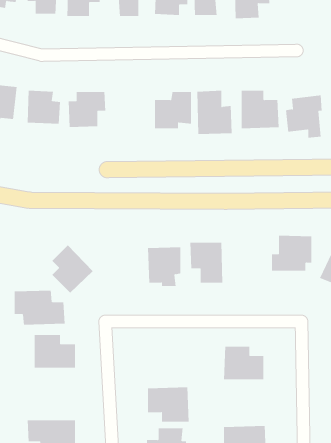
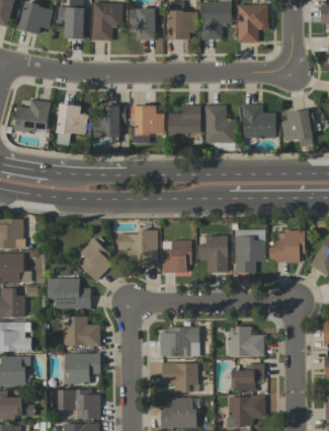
building: none -> [131,105,164,144]
building: none -> [235,229,265,273]
building: none -> [118,230,157,266]
building: none -> [160,328,199,357]
building: none -> [64,353,100,384]
building: none -> [232,364,264,390]

